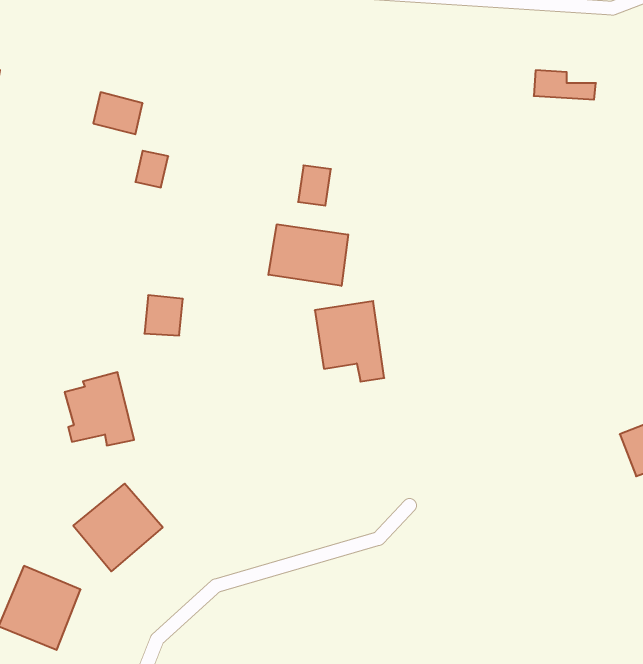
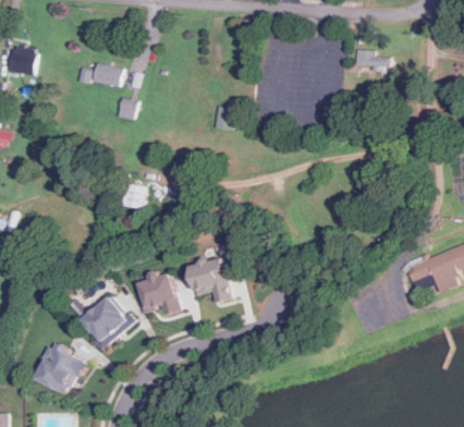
building: [268,224,348,286] -> none
building: [315,301,384,382] -> [187,255,229,303]
building: [65,372,134,445] -> [137,271,179,315]

